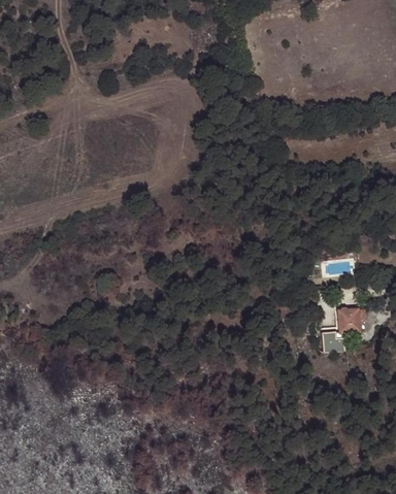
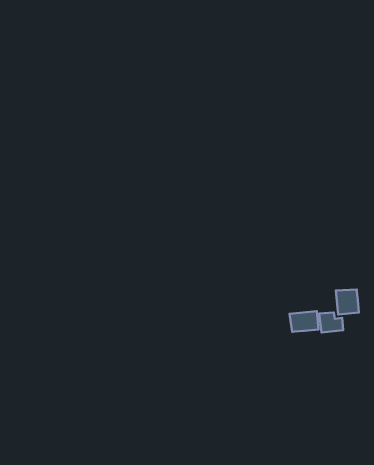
building: none -> [290,311,318,332]

